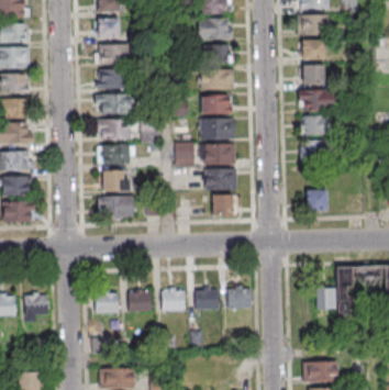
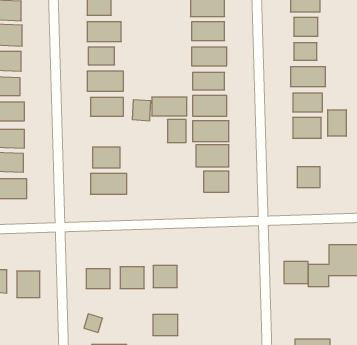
building: none -> [328,110,346,136]
building: [98,145,133,164] -> [152,97,187,116]
building: [227,287,252,309] -> [284,261,308,283]
building: [193,288,219,309] -> [153,315,178,335]

